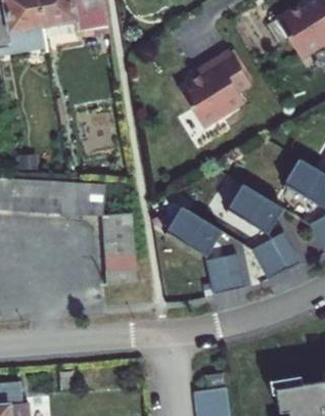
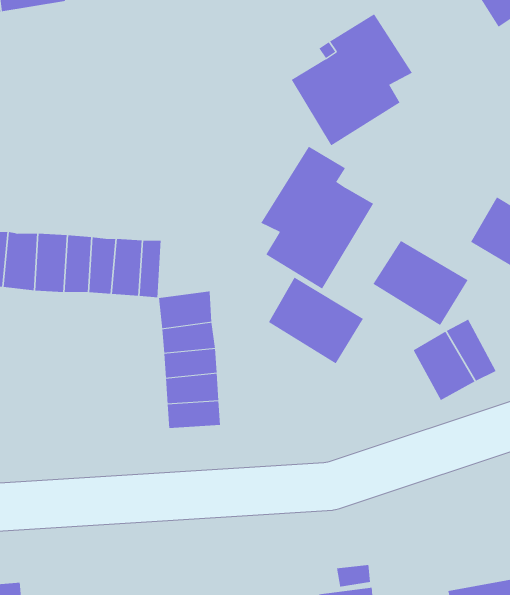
building: none -> [260,146,374,289]
building: [205,252,244,293] -> none

